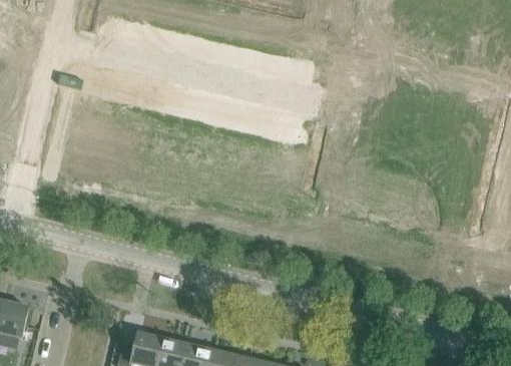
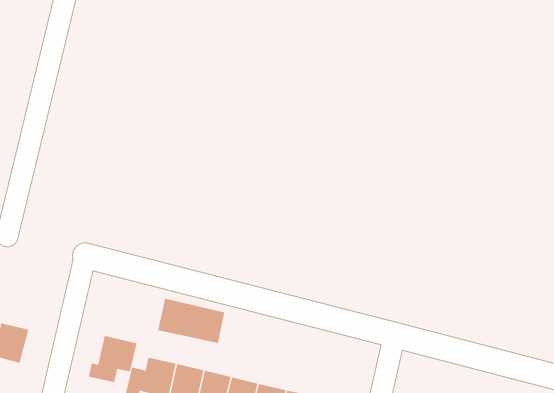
building: none -> [157,298,225,344]
building: none -> [88,335,137,383]

